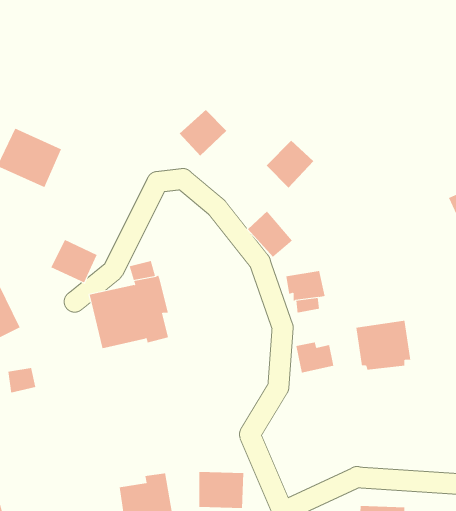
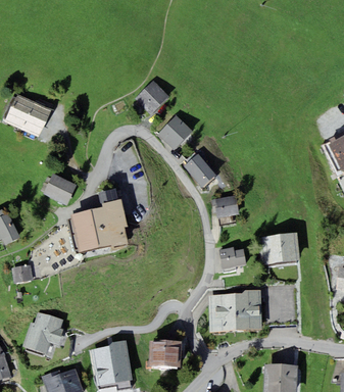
building: [266,140,314,188] -> [157,115,192,150]
building: none -> [207,289,261,332]
building: none -> [22,312,61,354]

